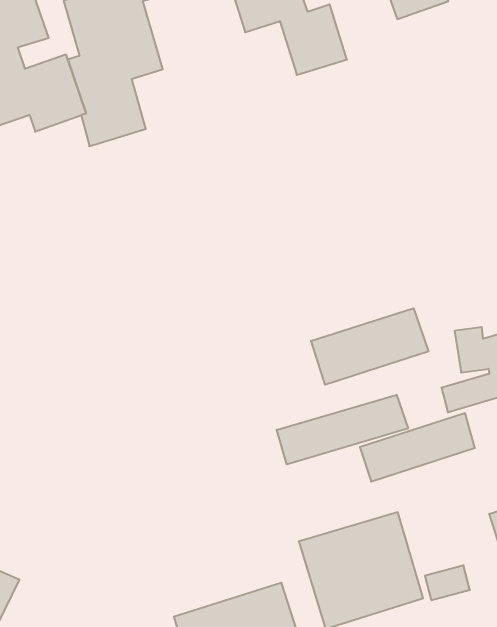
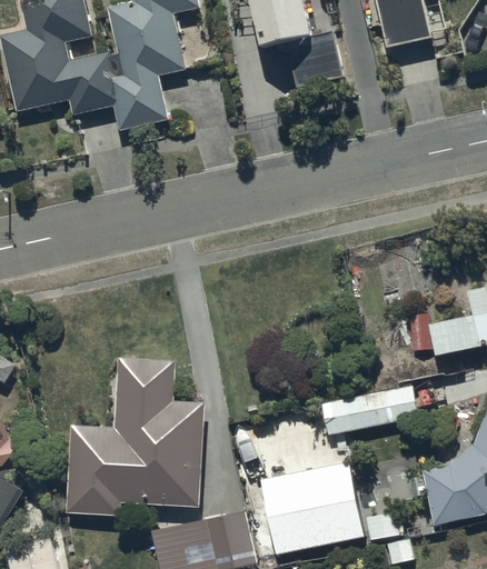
building: [311,308,429,385] -> none
building: [277,395,408,464] -> none
building: none -> [67,357,205,511]

